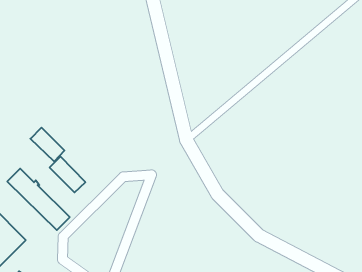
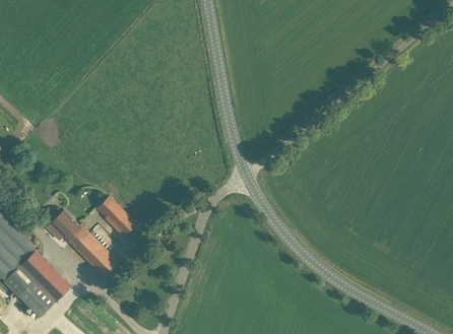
building: [30,128,64,162] -> none

